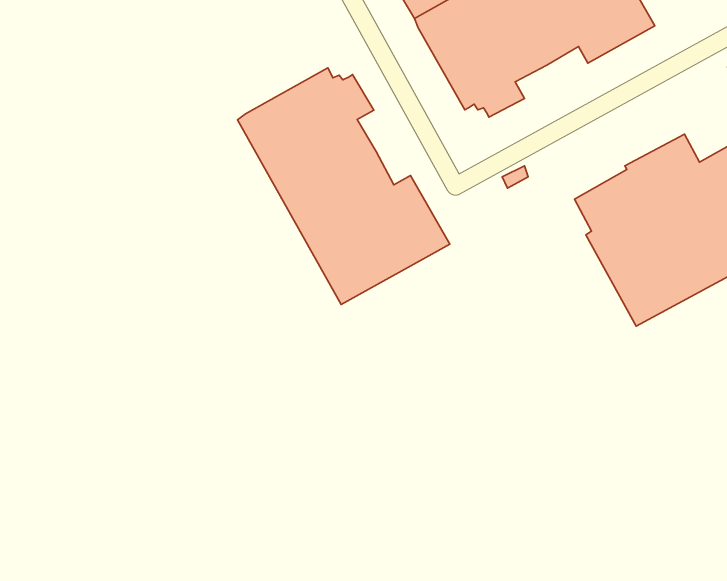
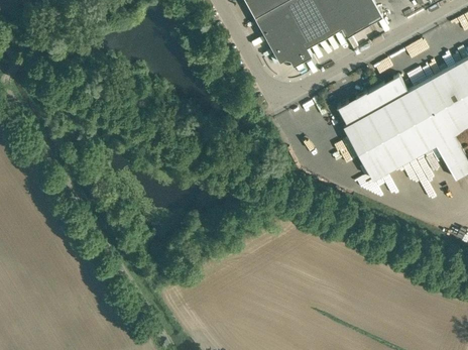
building: [237,68,450,305] -> none

